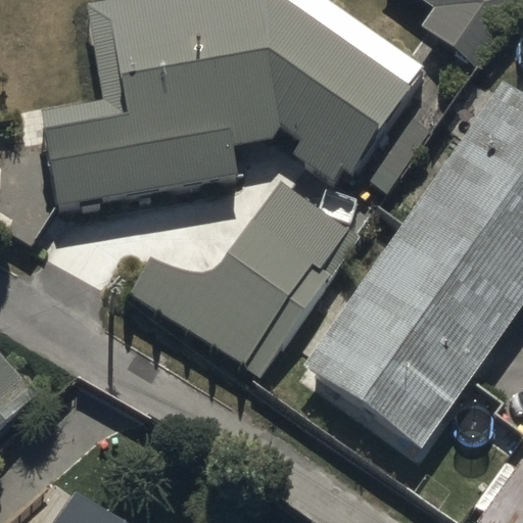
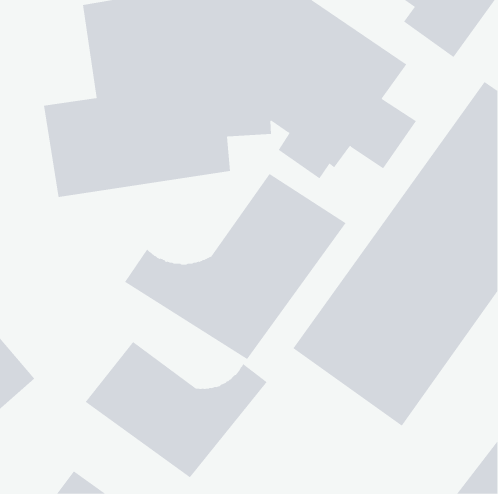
building: none -> [85,341,268,478]

